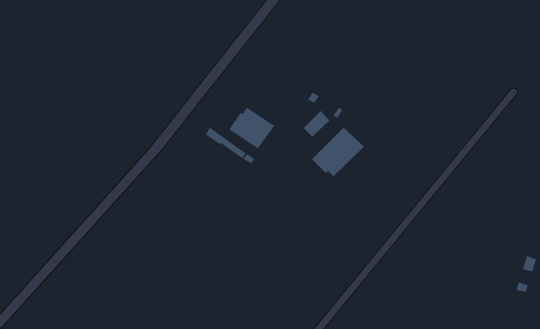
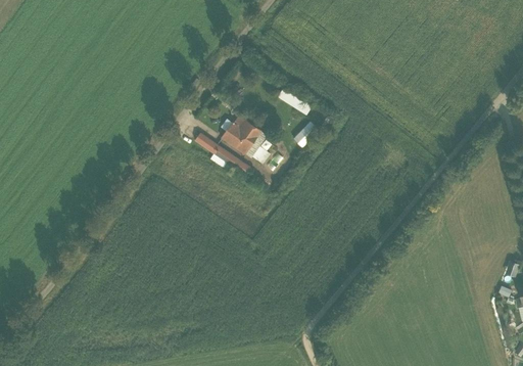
building: [311,127,365,177] -> none

